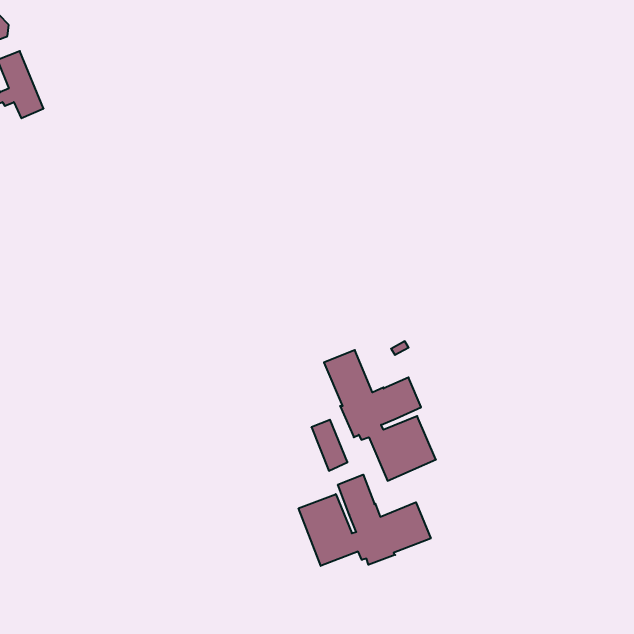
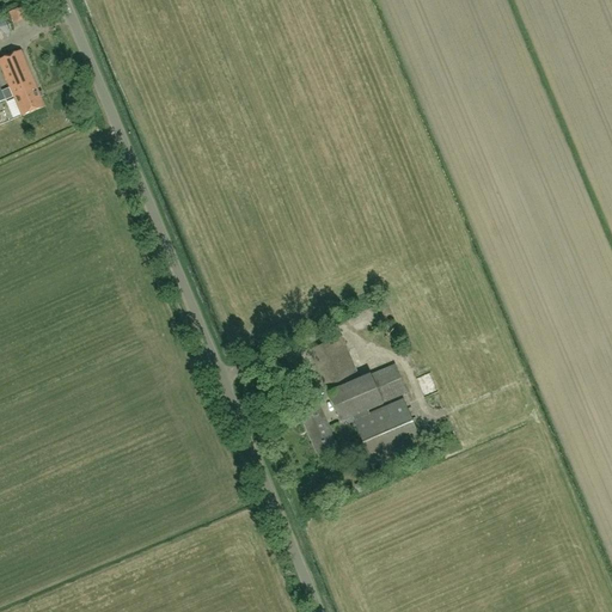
building: [299,475,431,566] -> none

